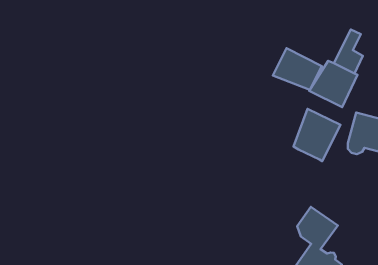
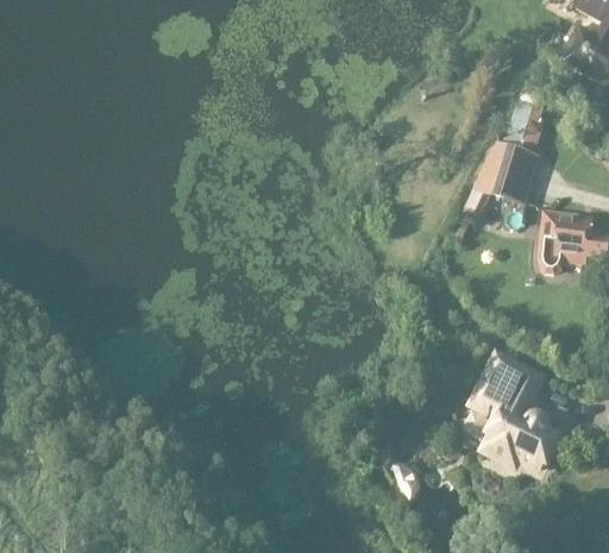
building: [273,48,322,90] -> none
building: [293,109,341,161] -> none

